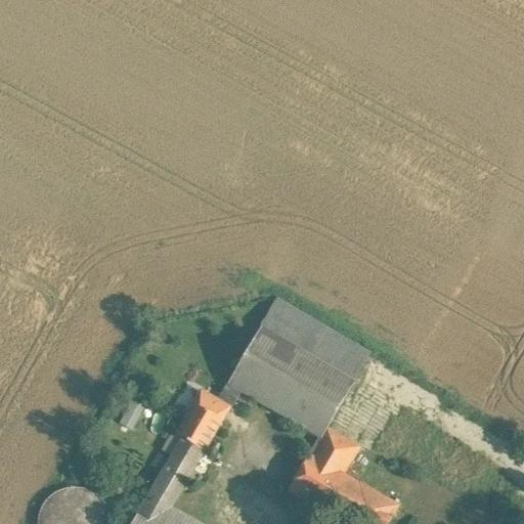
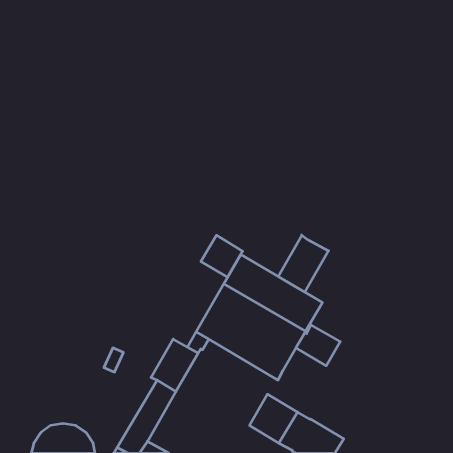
building: none -> [278,235,329,292]
building: none -> [201,235,243,277]
building: [308,427,359,474] -> [296,325,340,366]

